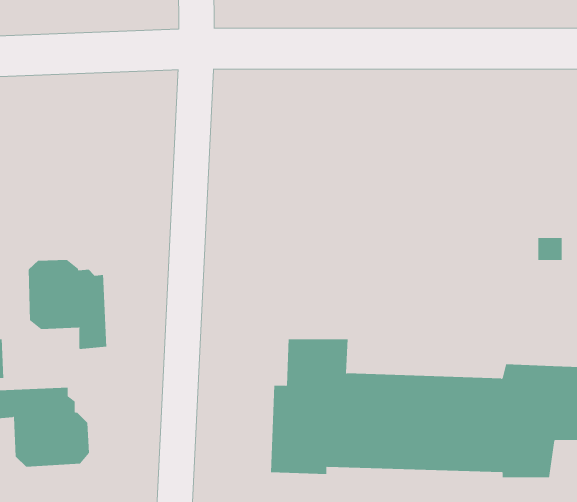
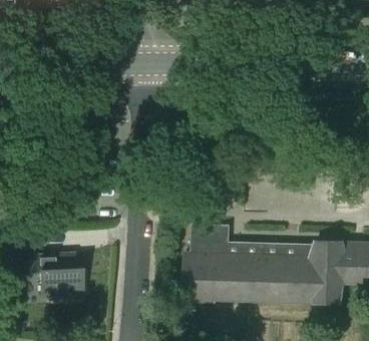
building: [28,259,107,350] -> none

